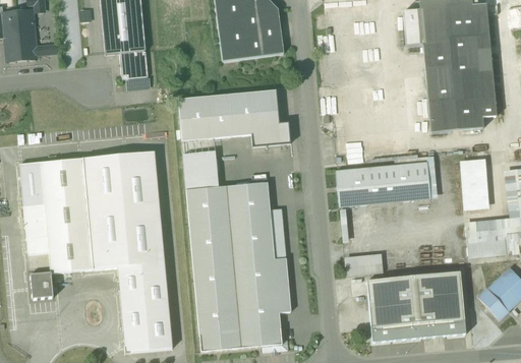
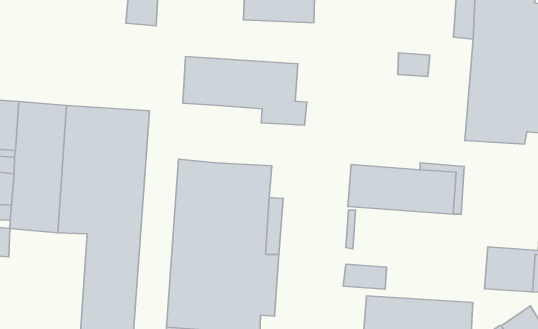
building: none -> [398,53,430,76]
building: [182,137,219,189] -> none
building: [460,159,489,209] -> none

